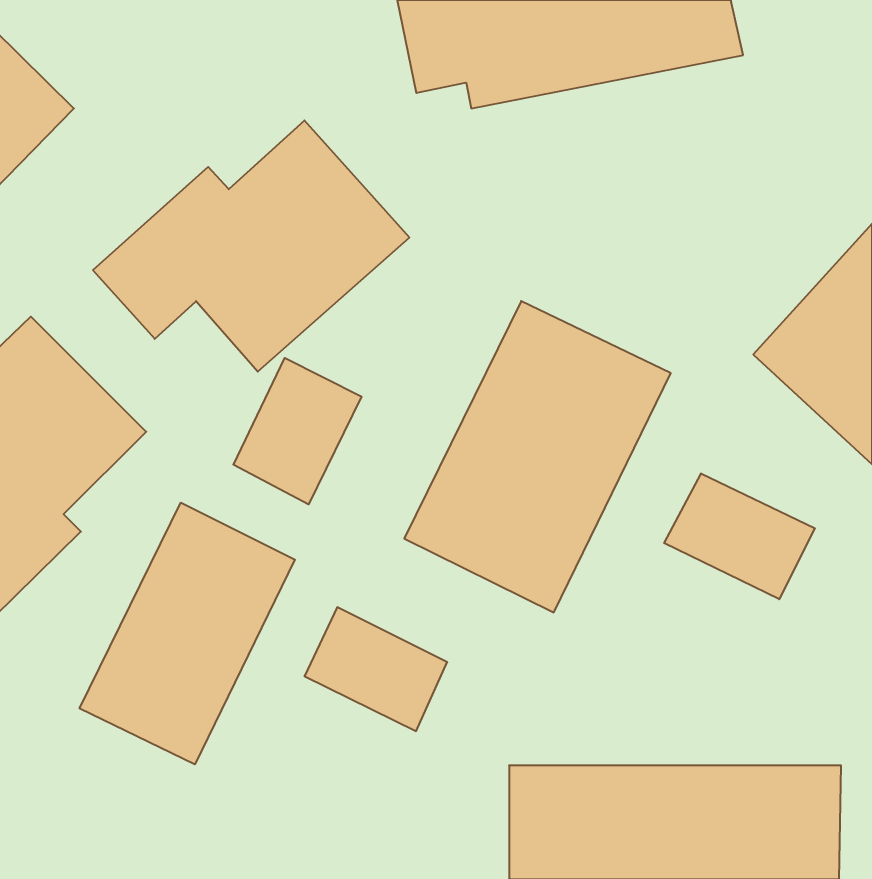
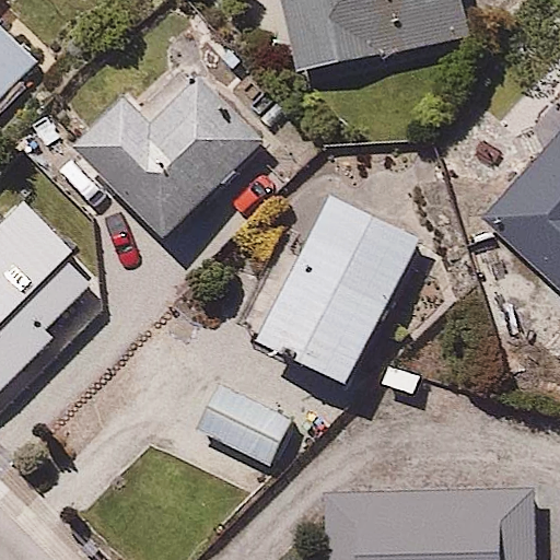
building: [233,358,361,504] -> none
building: [664,473,815,599] -> none
building: [80,503,295,764] -> none

